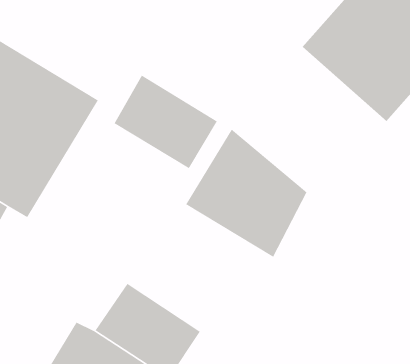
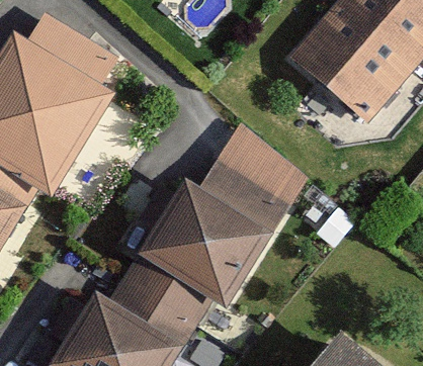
building: [113,74,218,169] -> none
building: none -> [140,182,272,309]

